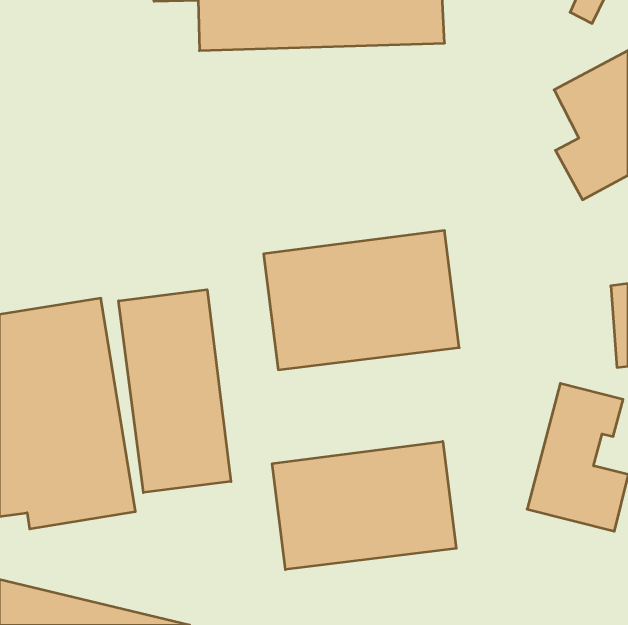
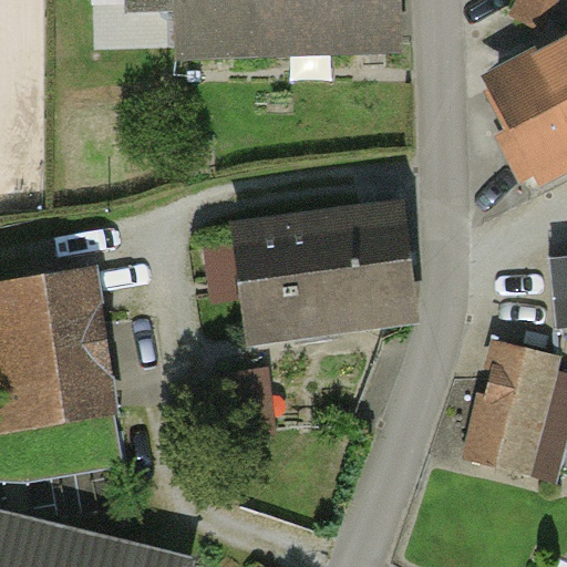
building: [119,290,231,493] -> none
building: [272,441,456,570] -> none

